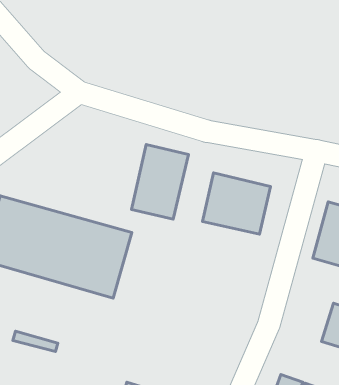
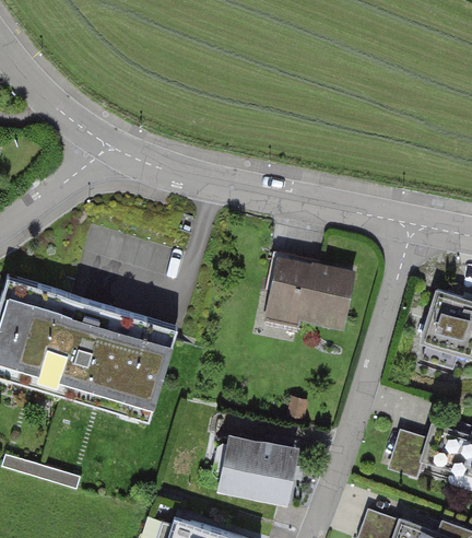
building: [132,145,188,219] -> none
building: none -> [216,425,300,498]
building: none -> [388,431,426,478]

